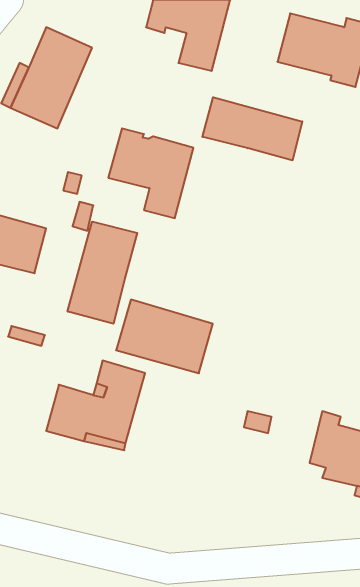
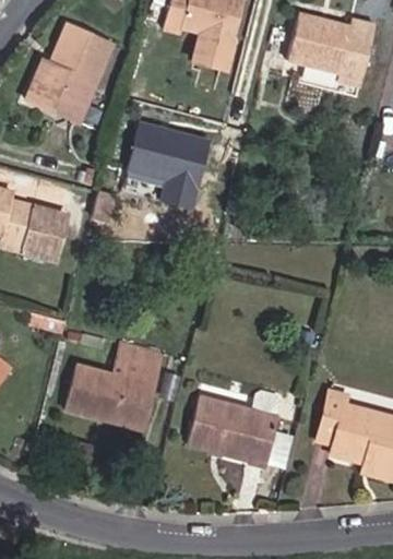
building: [202,97,302,160] -> none
building: [68,222,137,324] -> none
building: [116,300,213,373] -> [187,396,278,466]

